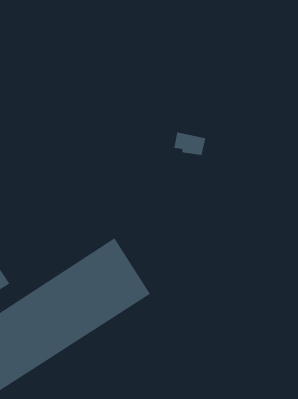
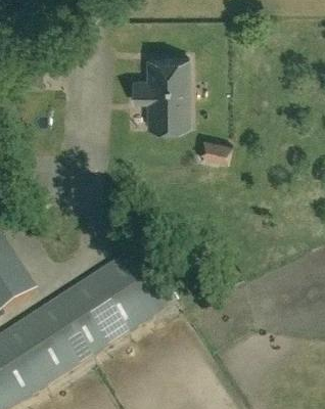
building: none -> [134,55,189,124]

